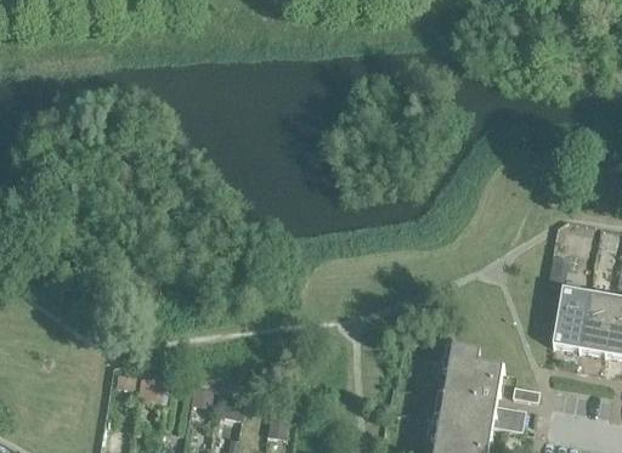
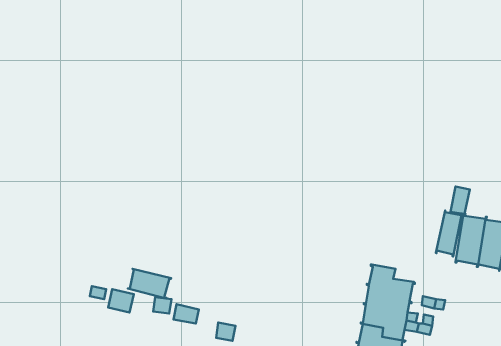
building: none -> [436,210,462,256]
building: none -> [128,269,171,299]

